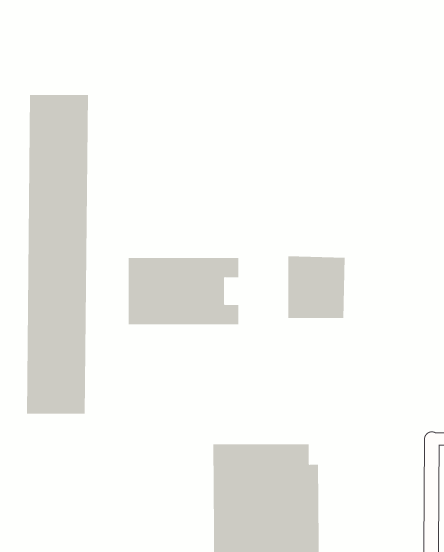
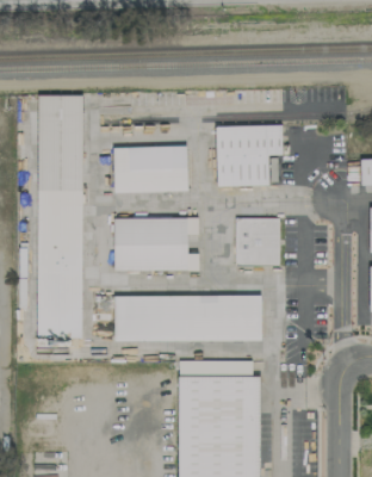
building: none -> [217,124,284,186]
building: none -> [114,145,188,192]
building: none -> [116,295,262,341]

